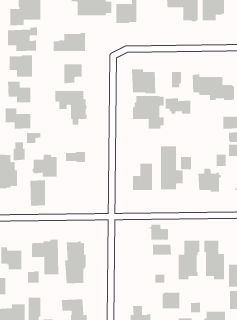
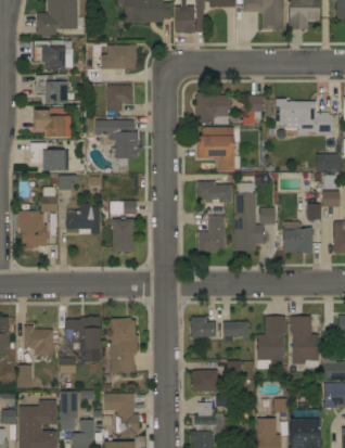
building: [165,98,191,114] -> [197,181,232,203]
building: [29,180,46,206] -> [112,218,133,253]
building: [149,224,169,241] -> [190,317,216,338]
building: [162,292,180,309] -> [192,370,216,392]

